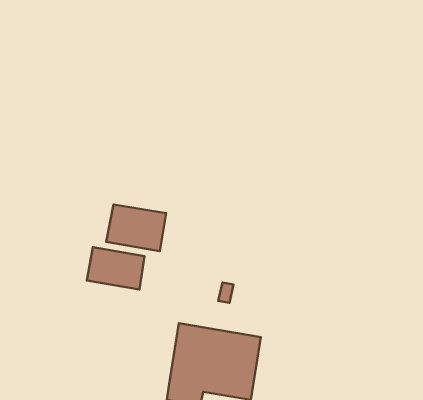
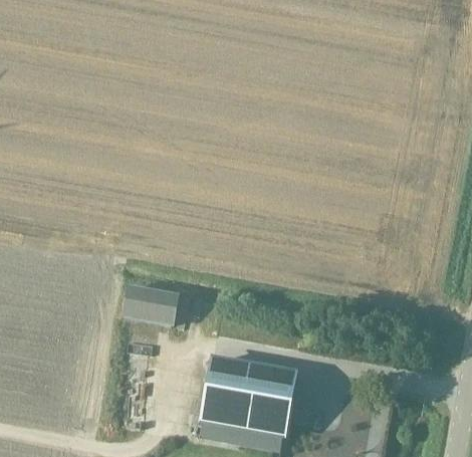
building: [106,204,166,251] -> none

